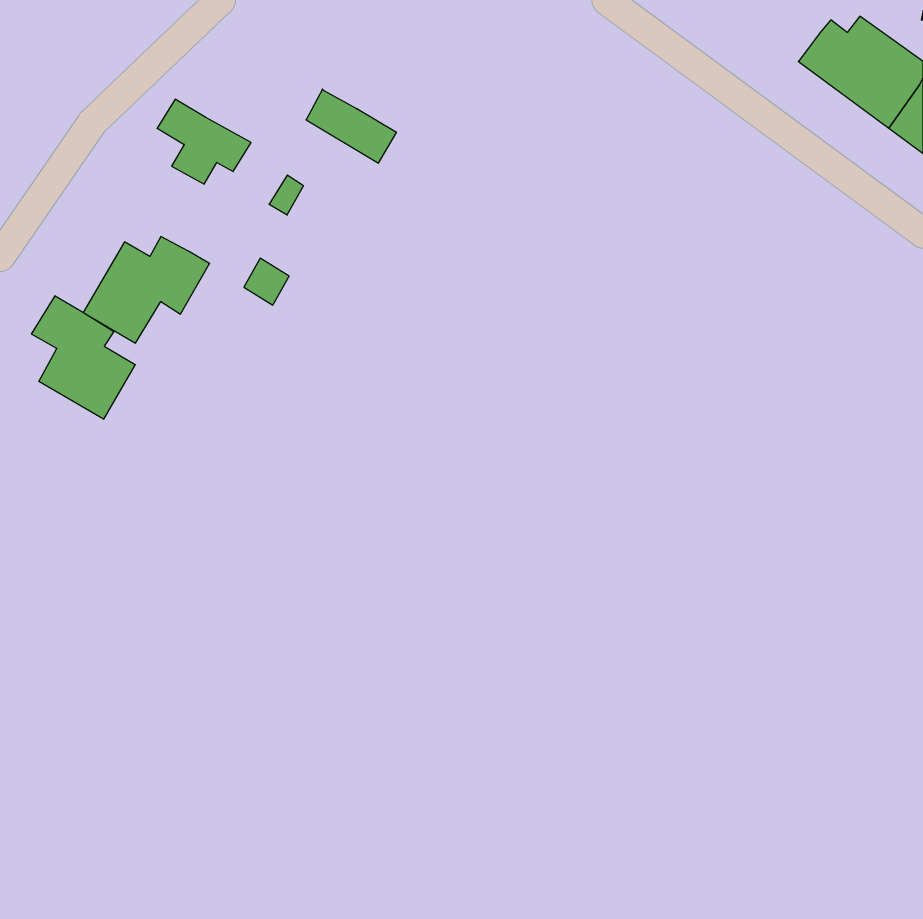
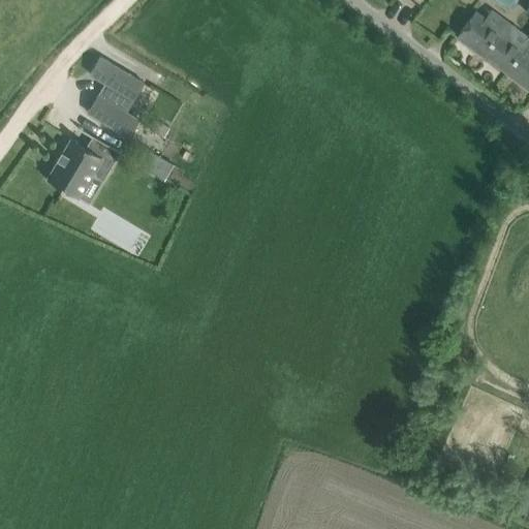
building: [306,89,396,163] -> [88,96,139,138]
building: [32,296,135,419] -> none

